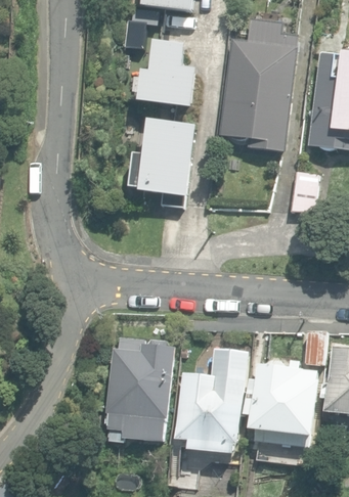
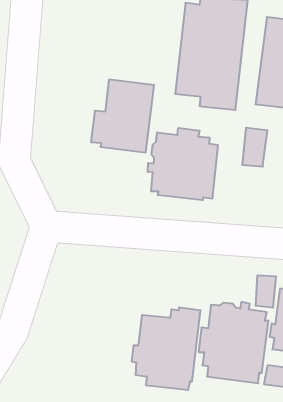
building: [137,42,194,107] -> none
building: none -> [148,128,218,200]
building: [106,337,173,442] -> none

